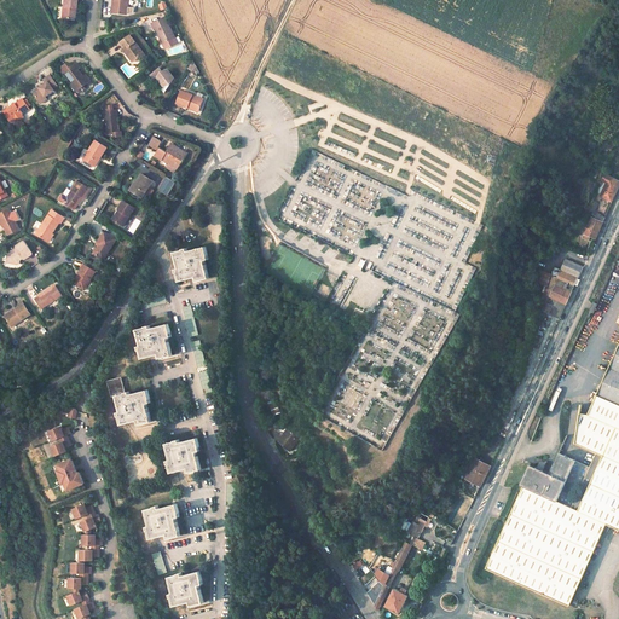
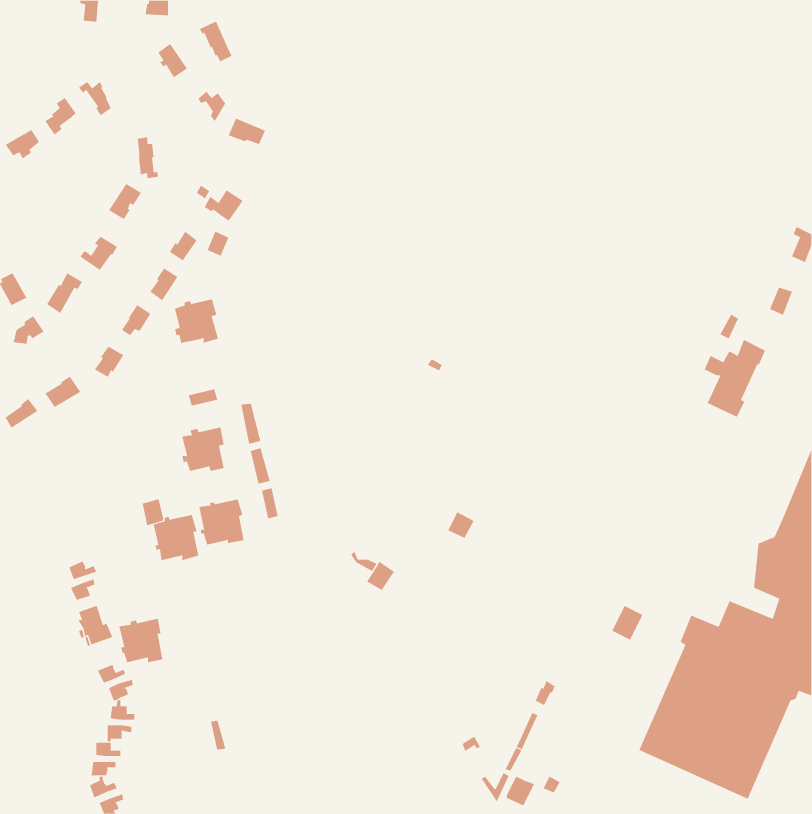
building: [175,247,209,280] -> [174,299,219,343]
building: [166,438,201,473] -> [198,499,245,545]
building: [145,504,179,538] -> [119,618,163,663]
building: [169,571,203,606] -> none

